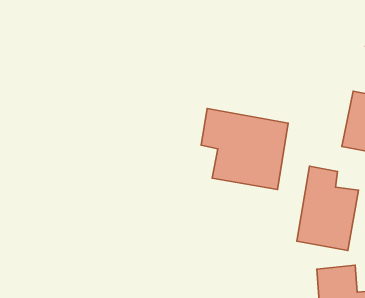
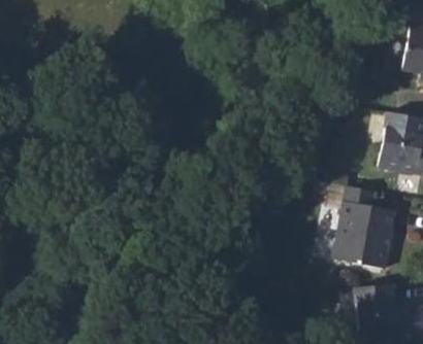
building: [201,109,288,190] -> none

